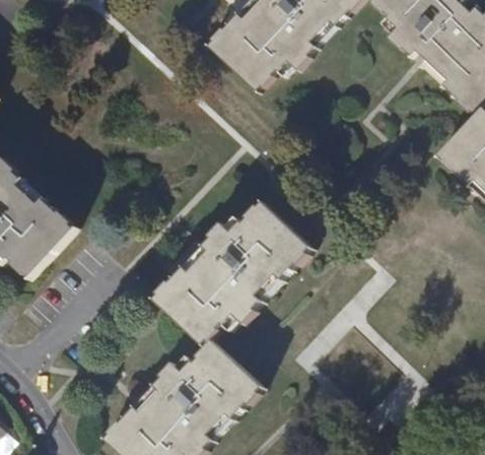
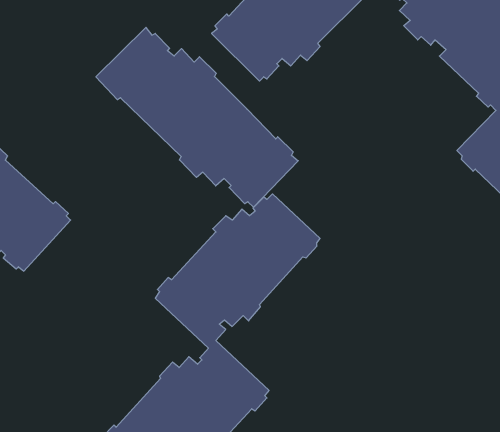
building: none -> [96,27,298,207]

